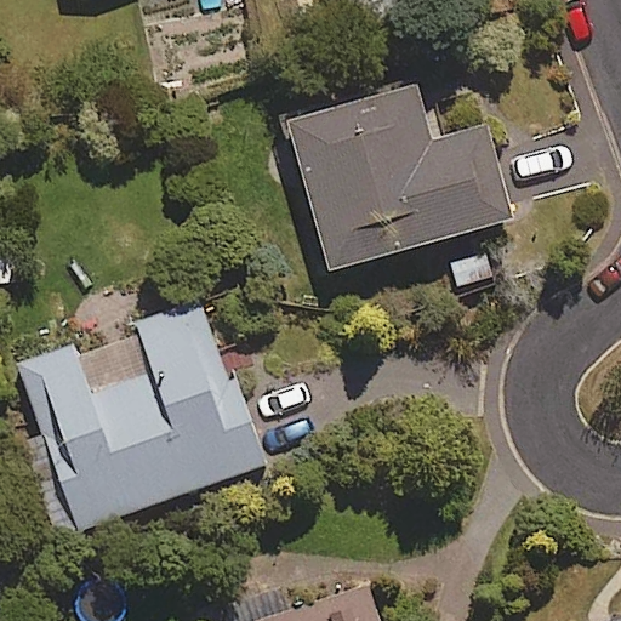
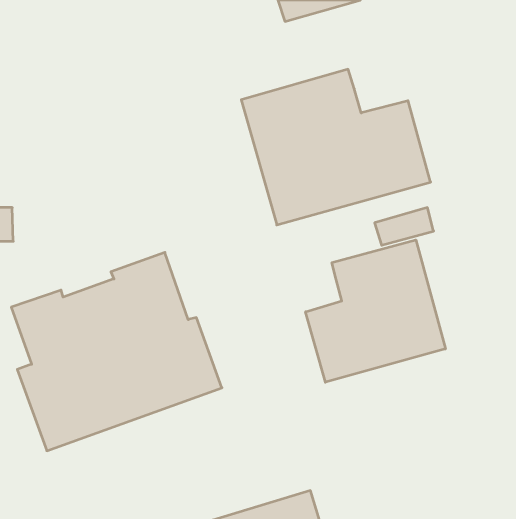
building: none -> [306,240,445,382]

